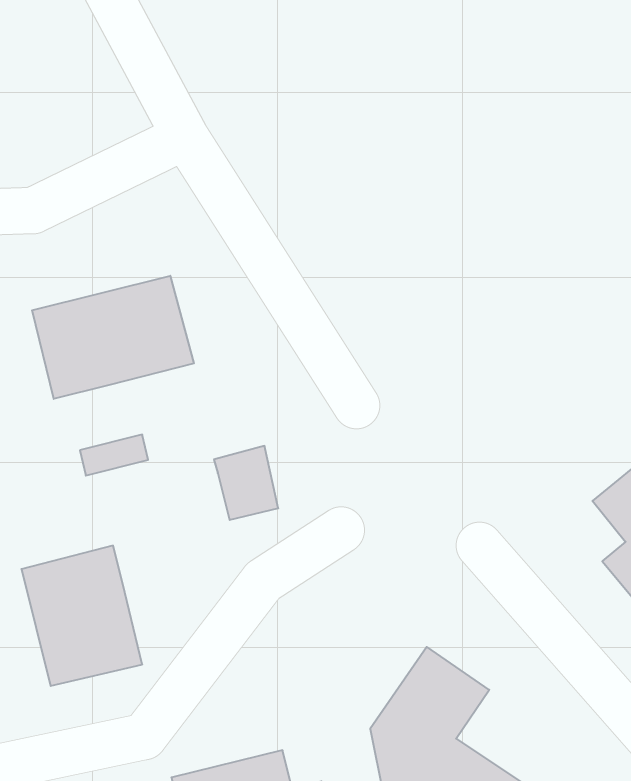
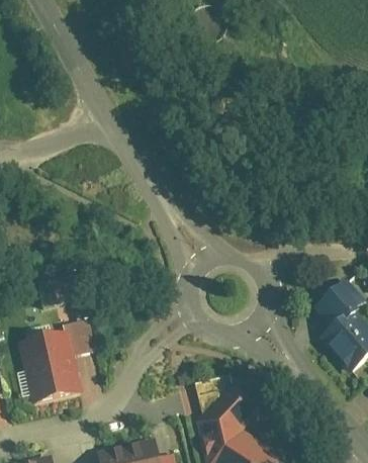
building: [32,276,194,399] -> none
building: [214,446,278,520] -> [64,317,97,356]

